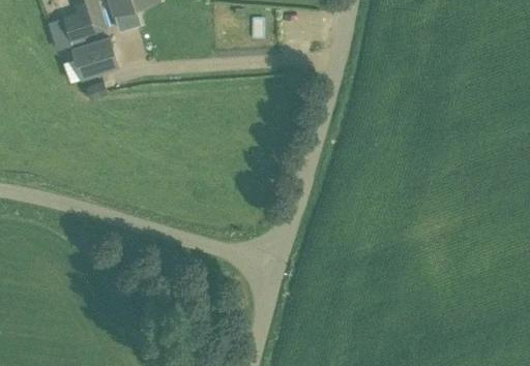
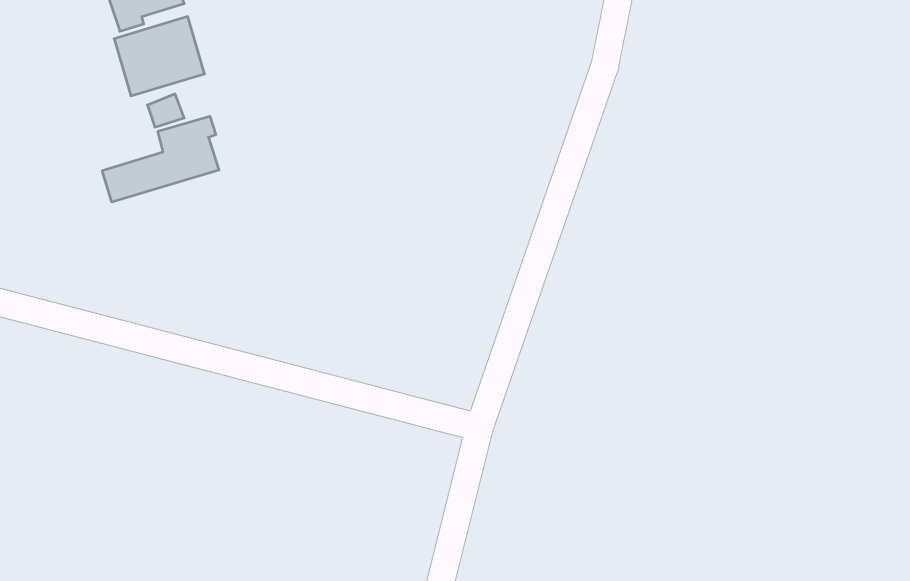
building: none -> [102,116,219,202]

